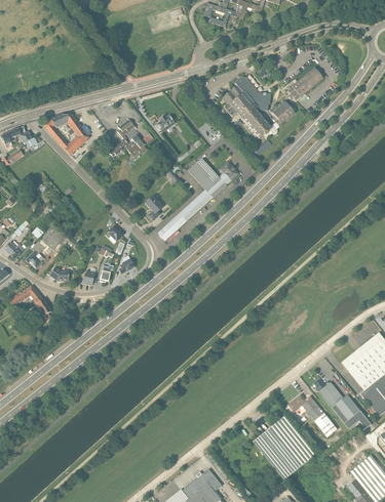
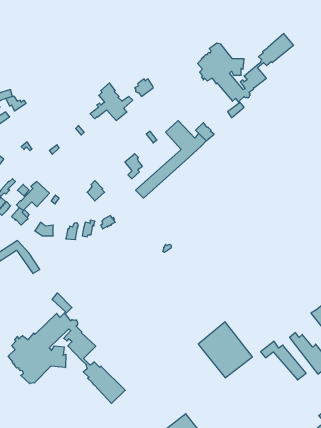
building: [44,114,90,155] -> none
building: none -> [8,293,125,403]
building: [256,418,313,477] -> [198,322,252,378]

